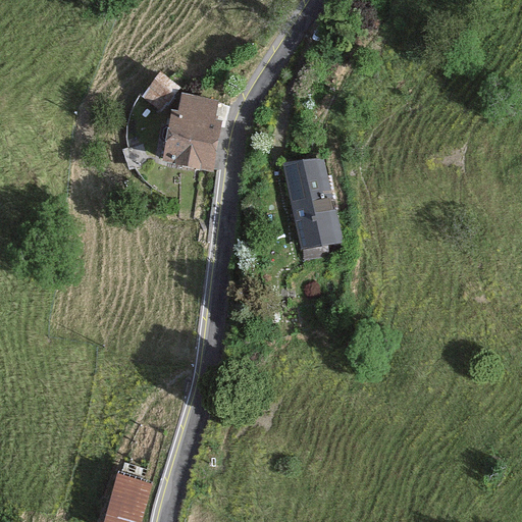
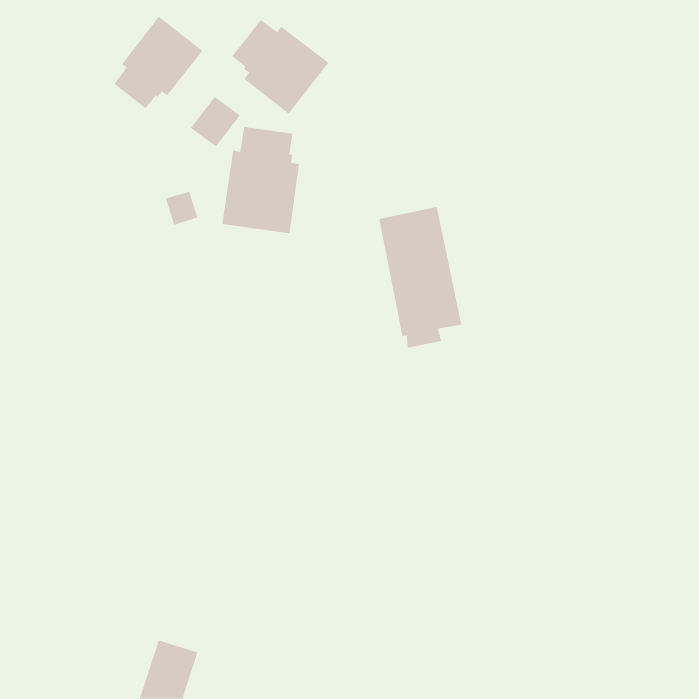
building: none -> [114,16,203,109]
building: none -> [232,19,329,115]

